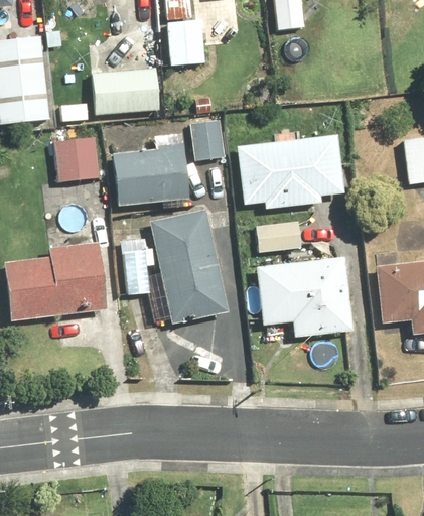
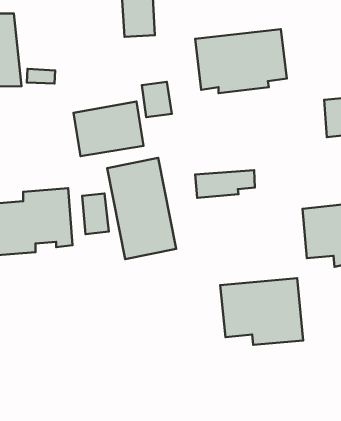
building: [90,69,161,115] -> none
building: [238,134,344,209] -> [195,29,287,93]
building: [54,136,101,181] -> none
building: [257,258,354,336] -> [220,278,303,345]

